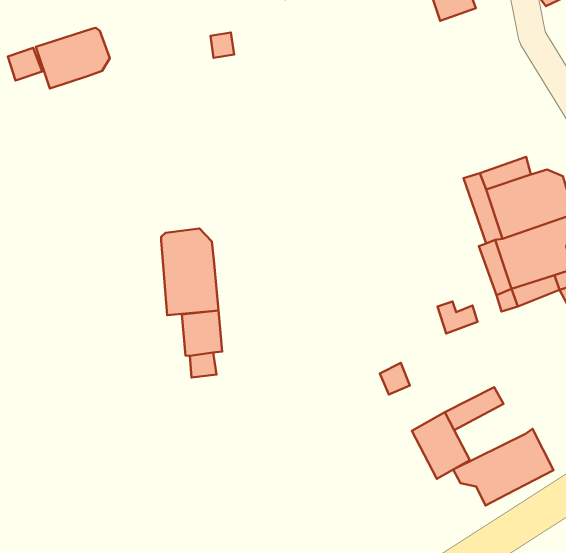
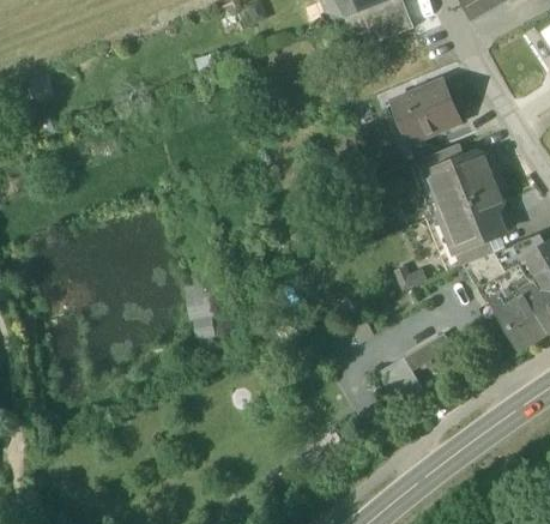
building: [36,28,110,88] -> none
building: none -> [393,79,461,139]
building: [161,229,218,315] -> none
building: [453,429,553,505] -> none

